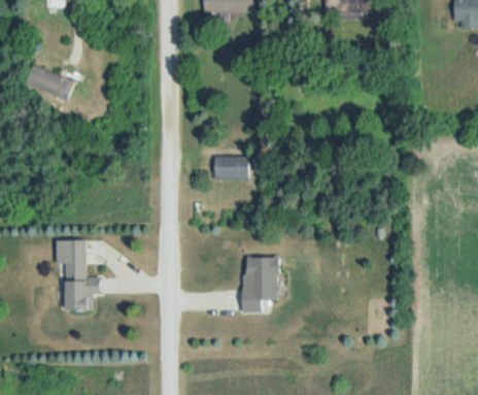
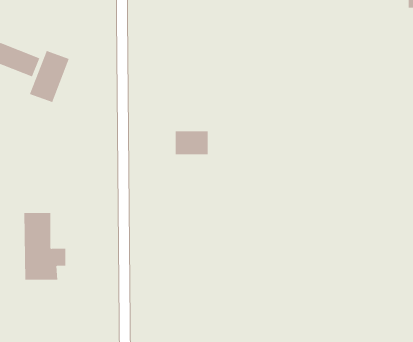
building: none -> [29,50,70,103]
building: [244,258,279,314] -> none

